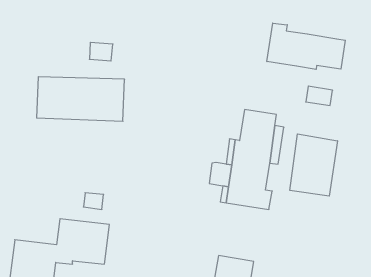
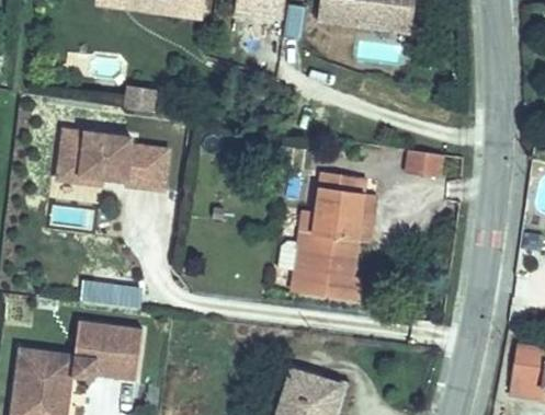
building: [267,23,345,69] -> none
building: [290,134,337,196] -> none

